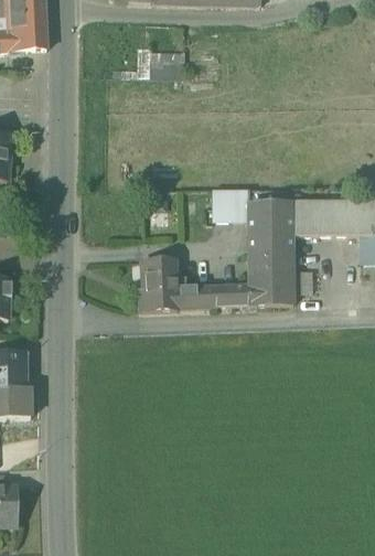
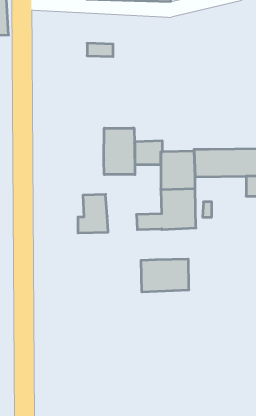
building: none -> [104,128,135,175]
building: [176,285,216,307] -> none
building: none -> [141,259,189,292]

